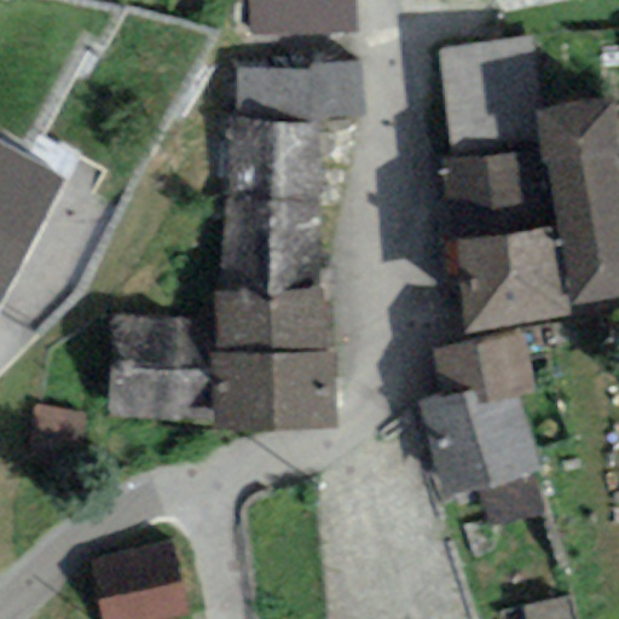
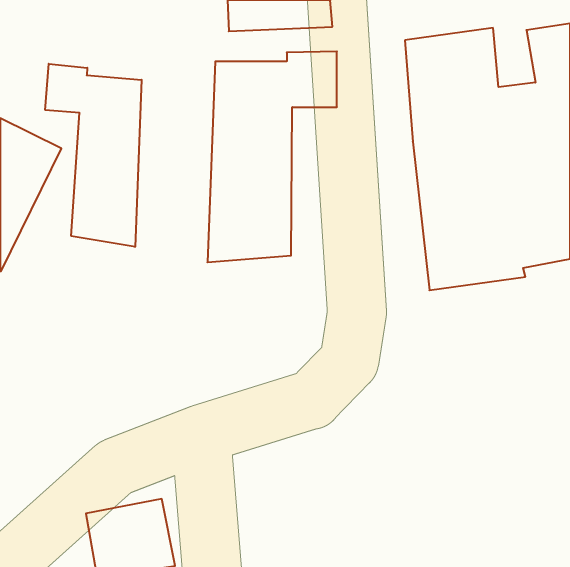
building: none -> [45,64,142,247]
building: [108,280,335,423] -> none
building: [416,331,549,527] -> none

